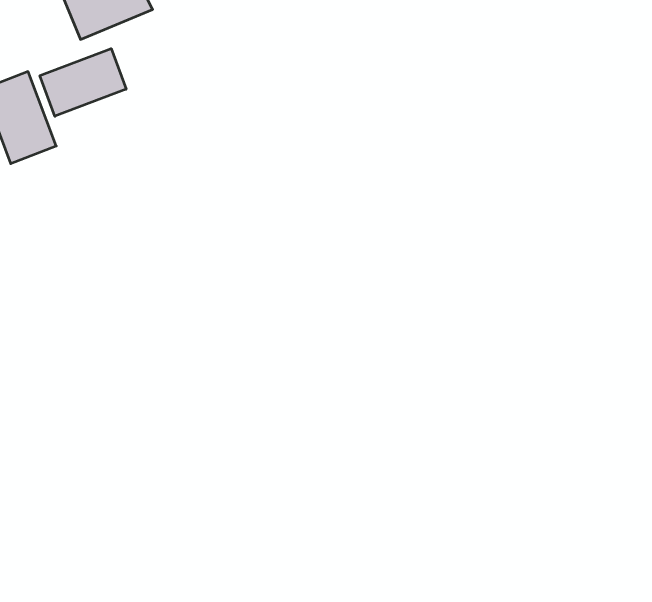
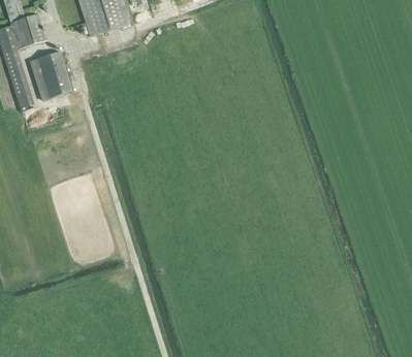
building: [40,49,126,116] -> none

